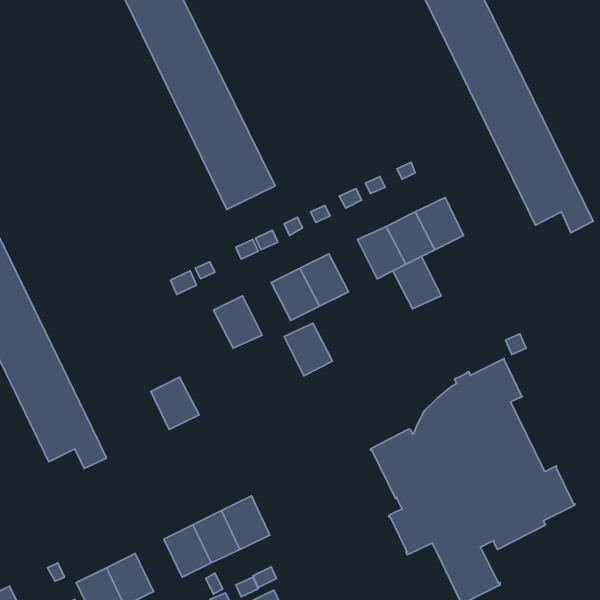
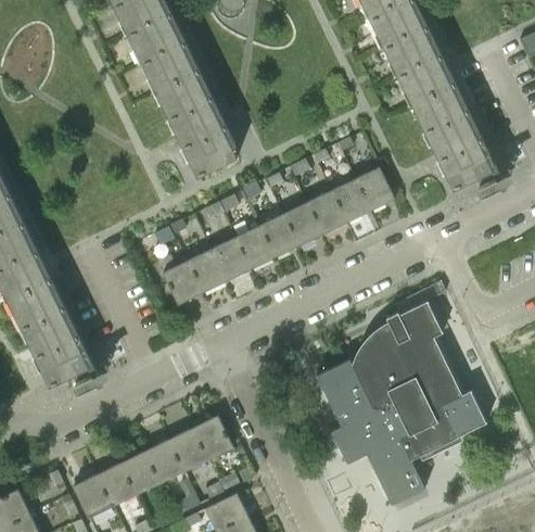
building: [393,257,441,309] -> [282,201,322,244]
building: [284,323,332,376] -> [211,237,251,280]
building: [151,377,199,429] -> [163,259,203,303]
building: none -> [122,449,161,493]

